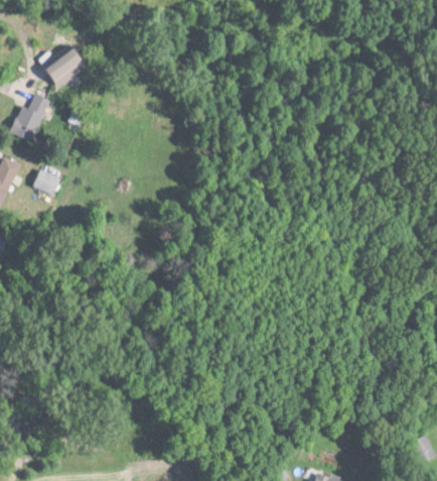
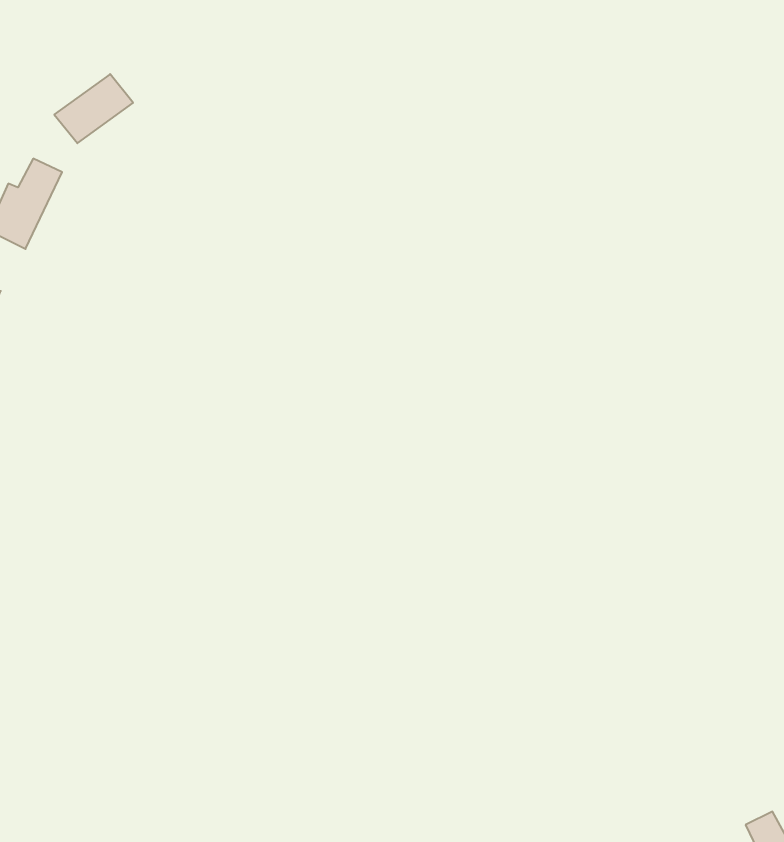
building: [33,169,61,196] -> none

